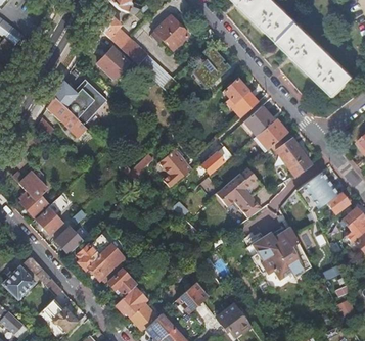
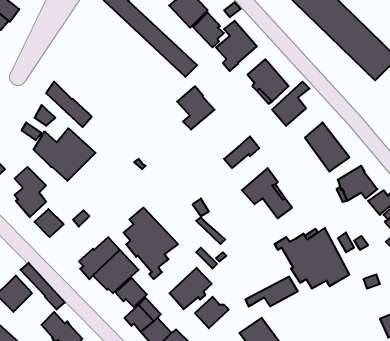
building: none -> [193,12,224,47]
building: [97,47,129,79] -> none
building: [53,80,107,126] -> [33,128,96,181]
building: [255,119,287,151] -> none
building: [157,150,190,188] -> [177,86,215,130]
building: none -> [124,208,178,279]
building: [53,228,81,255] -> none
building: none -> [169,268,212,309]
building: none -> [245,277,298,307]

